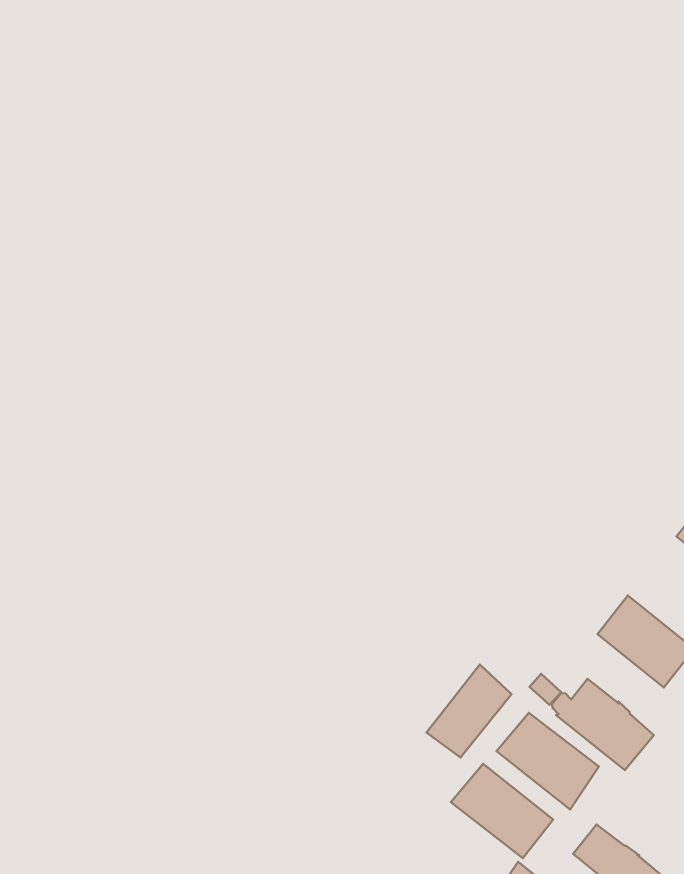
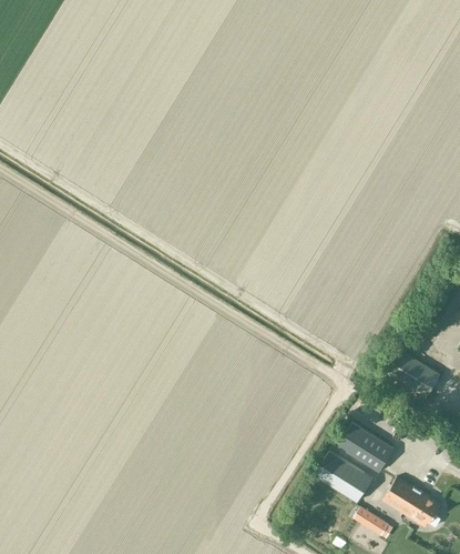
building: [427,664,512,757] -> none
building: [552,679,654,770] -> none

